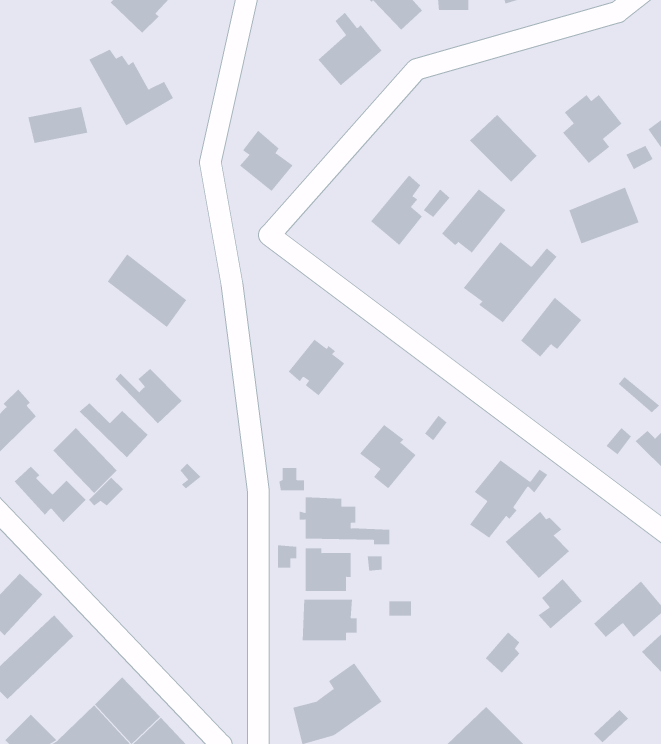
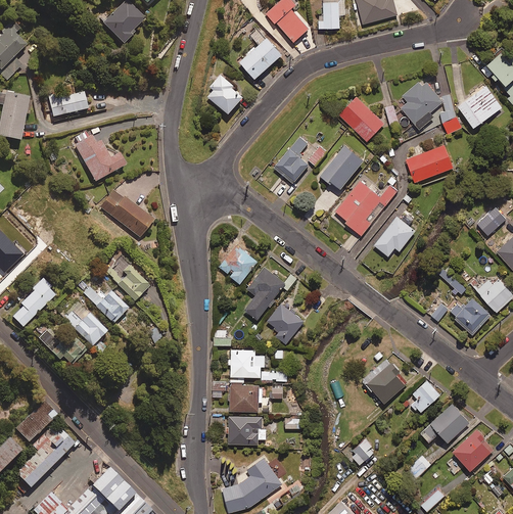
building: [89,49,174,126] -> [69,131,126,182]
building: [239,130,293,192] -> [207,73,243,113]
building: [469,459,548,538] -> [244,267,296,319]
building: [538,578,583,629] -> [411,379,440,413]

